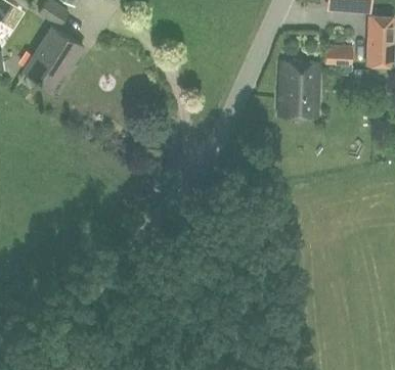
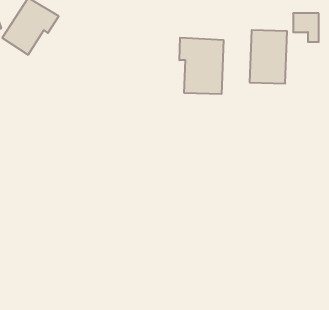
building: none -> [179,38,223,94]

